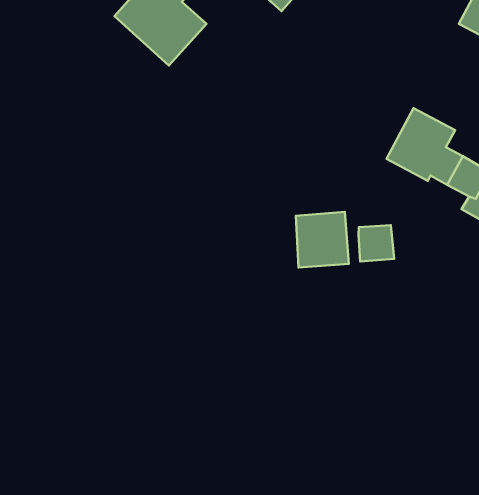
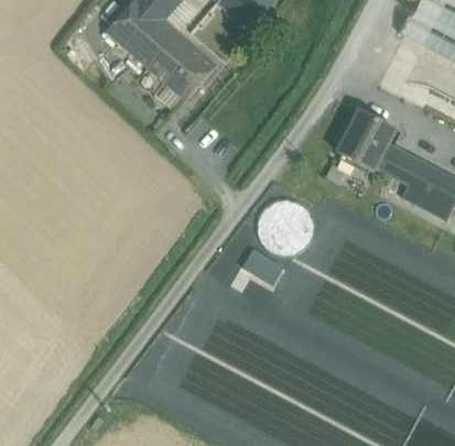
building: none -> [154,37,218,101]
building: [359,225,394,261] -> none

